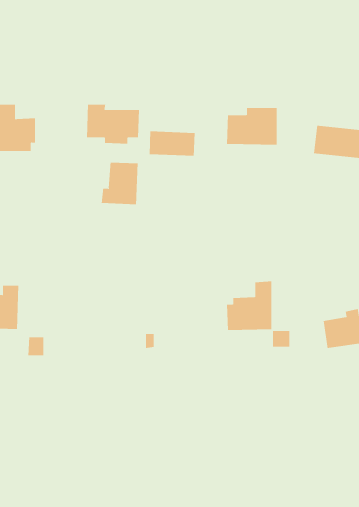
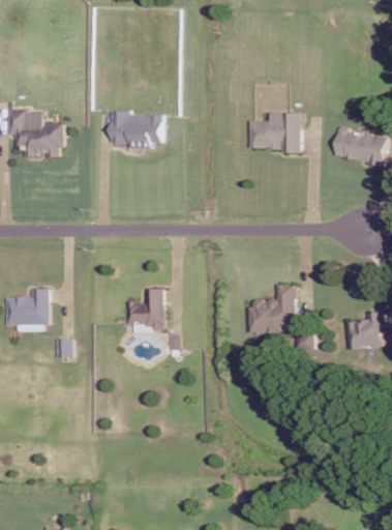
building: [149,131,195,157] -> none
building: [101,162,138,205] -> none
building: none -> [126,289,163,327]

